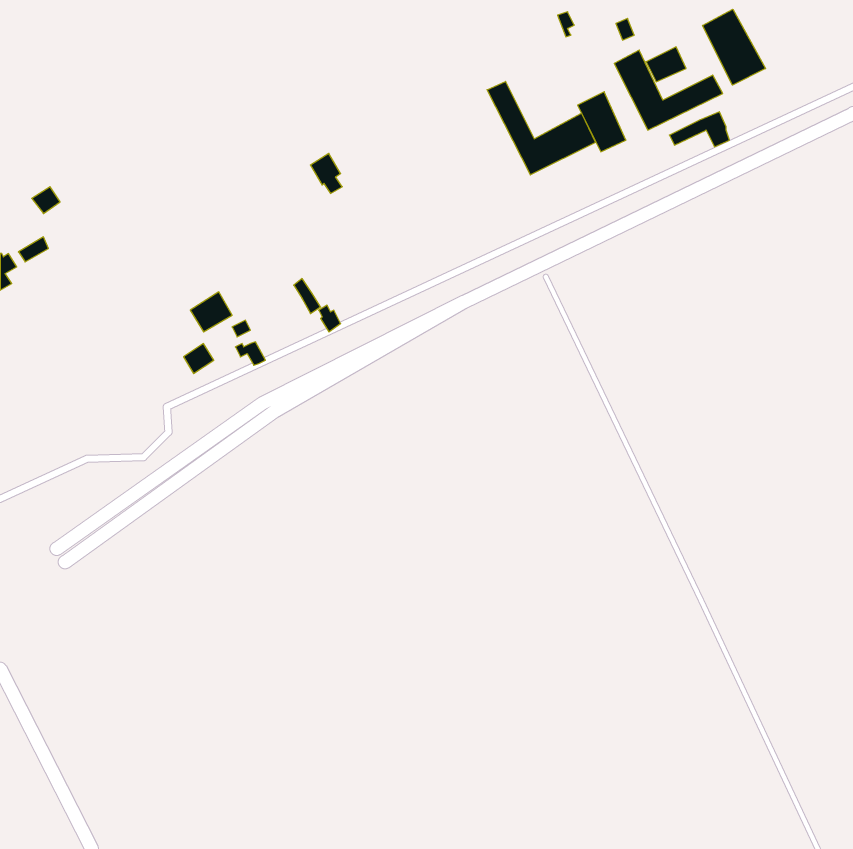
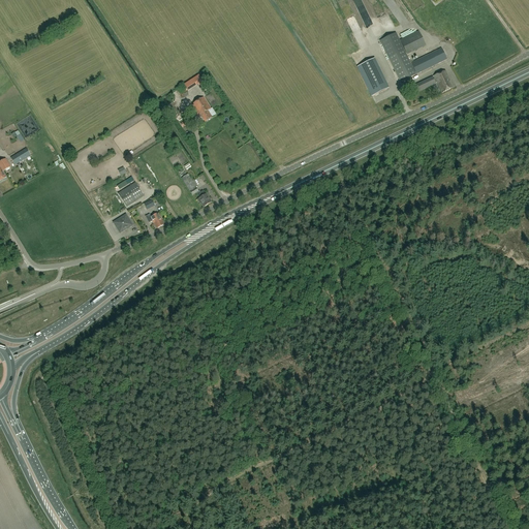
building: [703,9,766,85] -> none
building: [487,81,595,175] -> none

